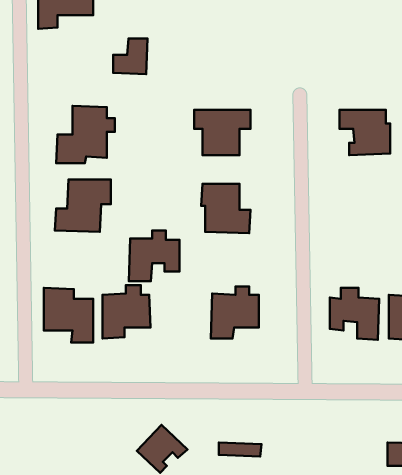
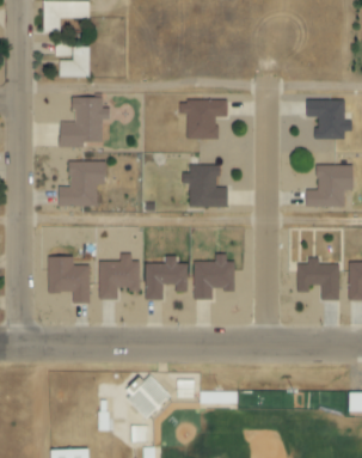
building: [113,39,148,74] -> [60,47,90,78]
building: none -> [306,165,354,208]
building: [129,230,180,281] -> [145,256,189,300]

